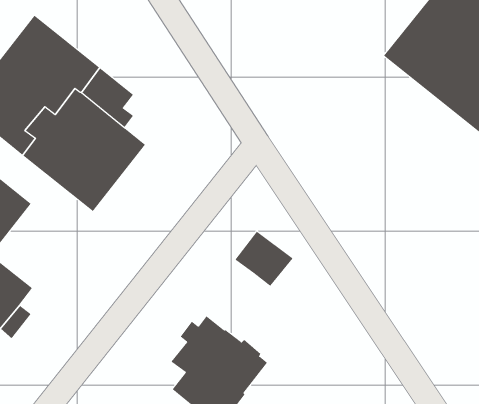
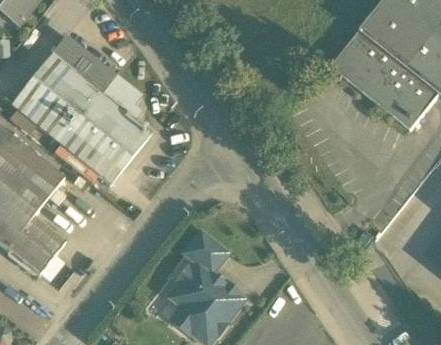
building: [234,231,293,287] -> [182,231,227,274]

